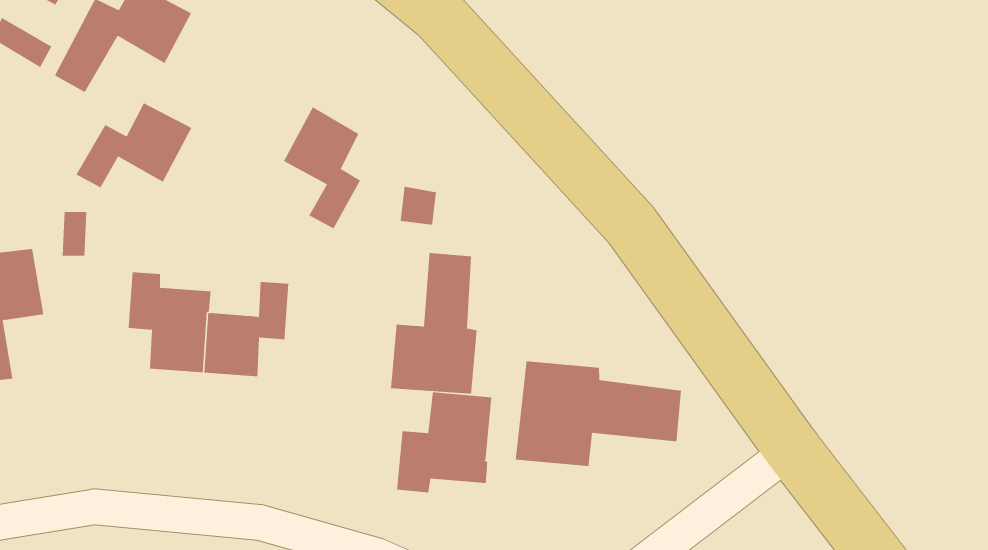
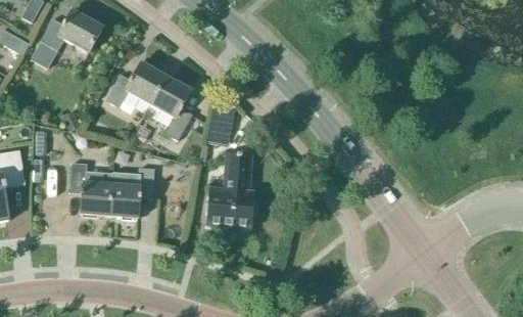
building: [76,103,192,188] -> [105,62,167,107]
building: [515,361,682,467] -> none
building: [397,391,492,493] -> none

